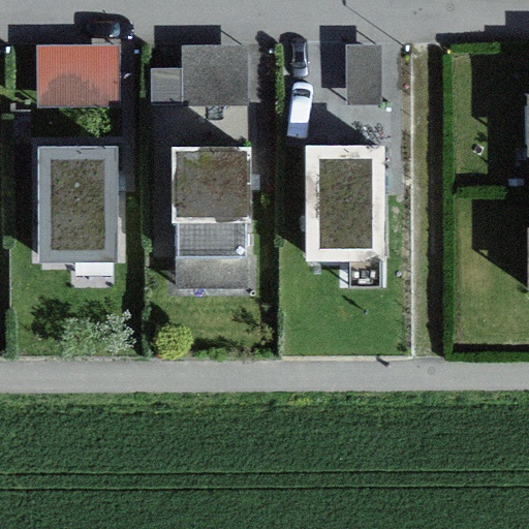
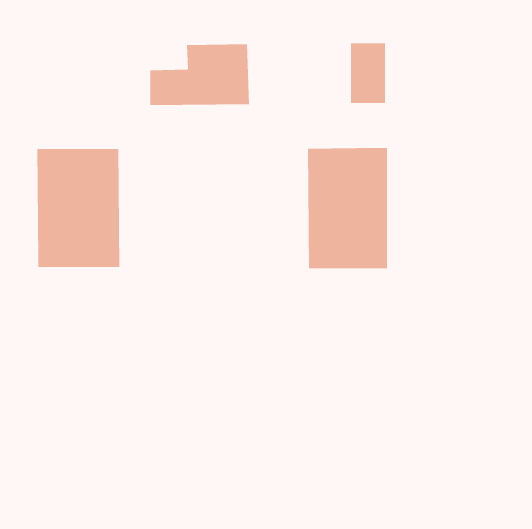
building: [34,44,120,106] -> none
building: [170,147,247,284] -> none

